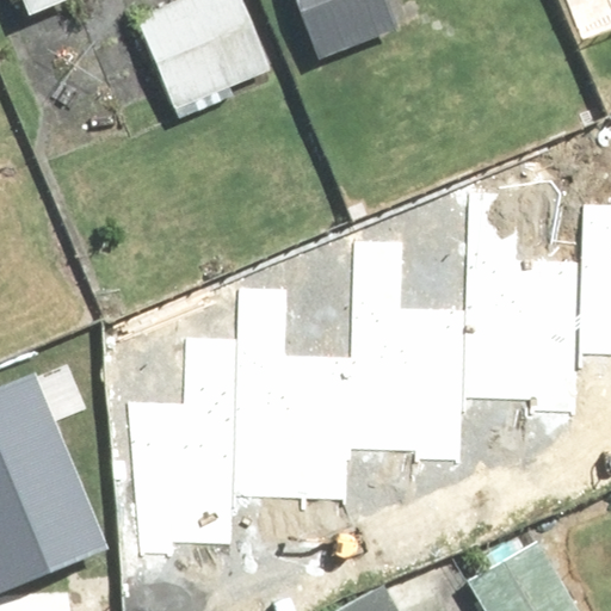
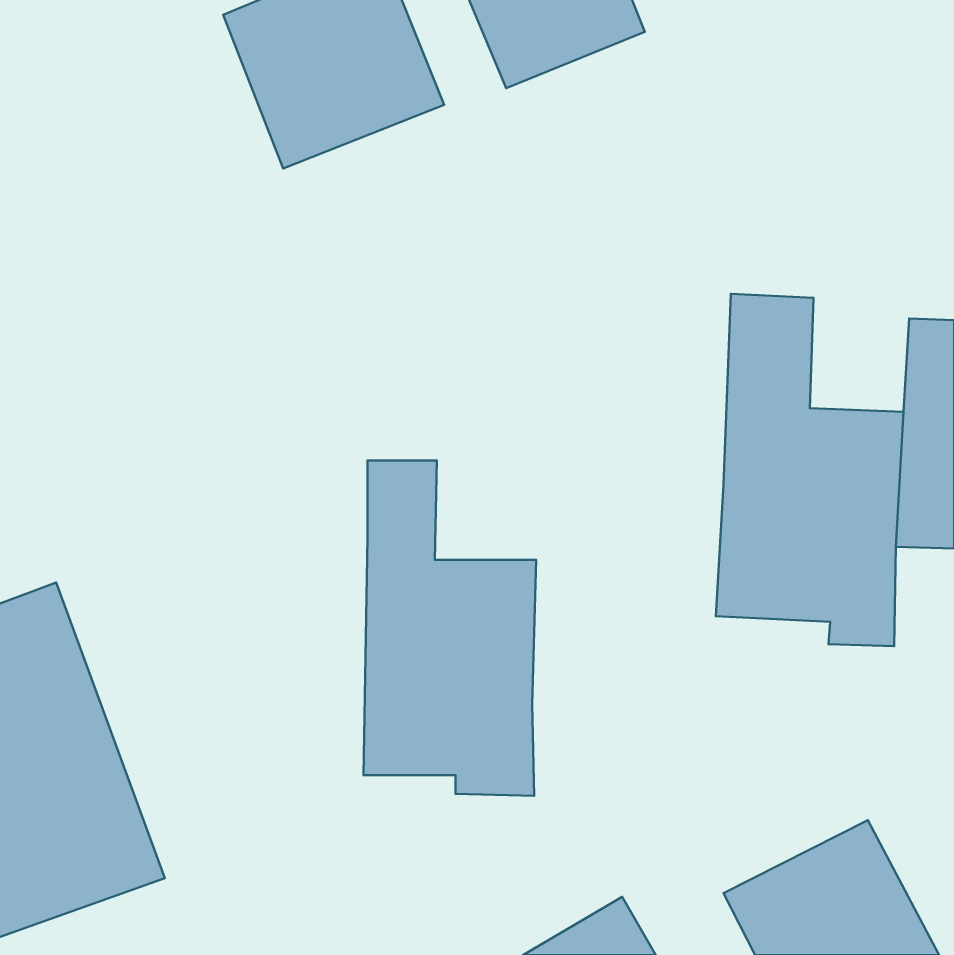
building: [339,241,461,463] -> none
building: [135,342,234,555] -> none

